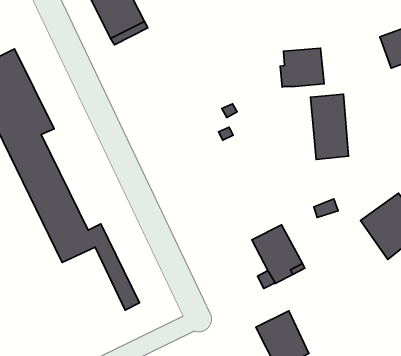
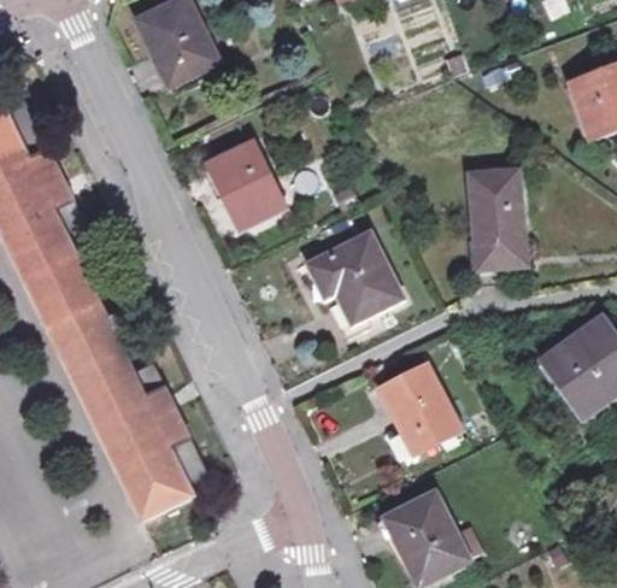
building: [280,48,324,87] -> none
building: none -> [206,142,281,227]
building: none -> [308,233,398,336]
building: none -> [95,398,189,516]

